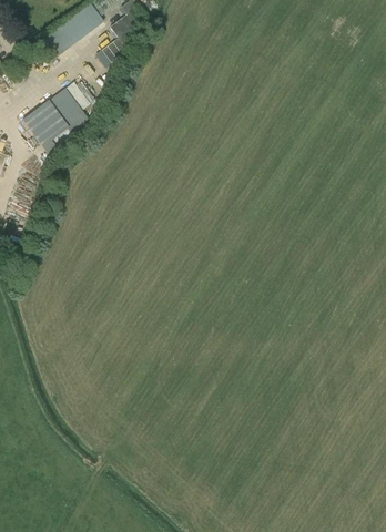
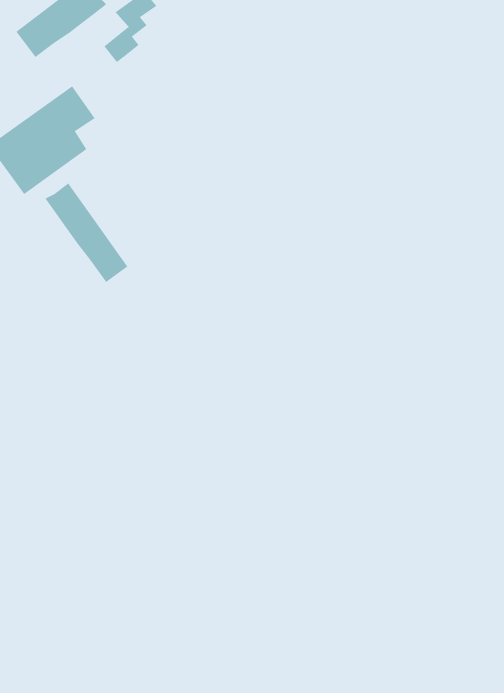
building: none -> [45,183,128,283]

